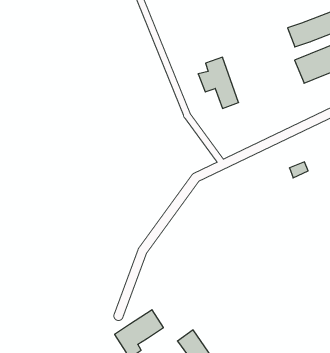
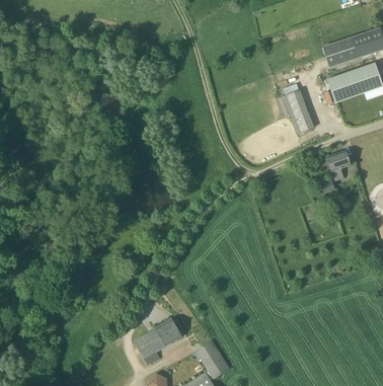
building: [198,57,239,108] -> [276,81,314,132]
building: none -> [326,149,351,179]

